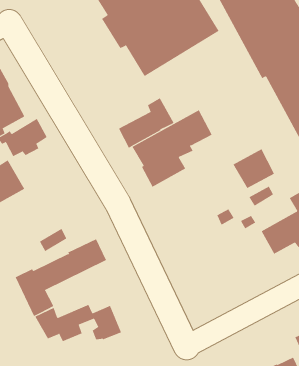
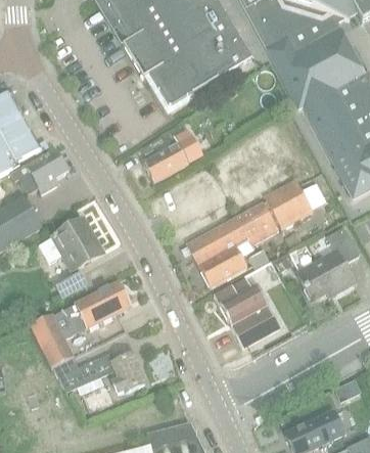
building: [132,109,212,187] -> [188,202,276,287]
building: none -> [38,217,102,269]
building: none -> [215,277,280,346]

